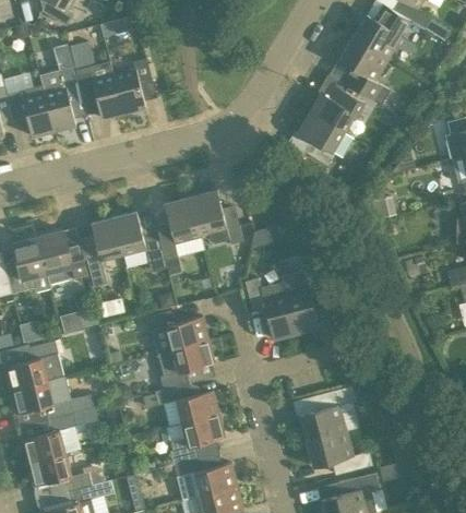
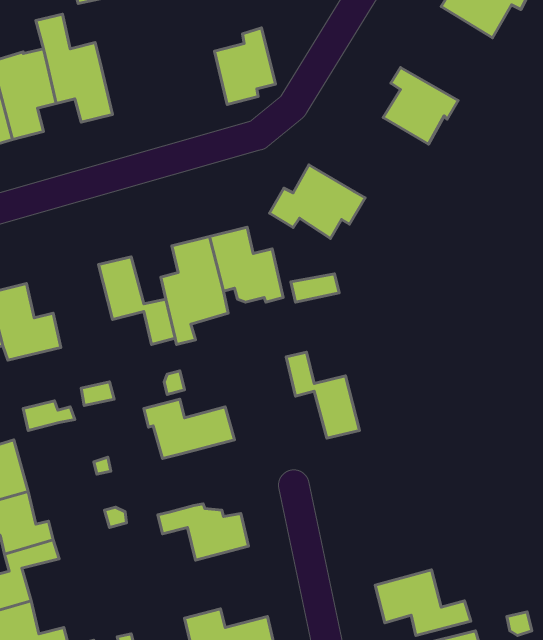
building: [328,37,389,105] -> none
building: [113,59,156,112] -> [214,28,276,104]
building: [284,115,350,166] -> [270,165,365,238]
building: [85,217,122,287] -> none
building: [279,263,322,333] -> none
building: [157,339,213,390] -> none
building: [298,386,357,441] -> none
building: [163,414,224,464] -> none

